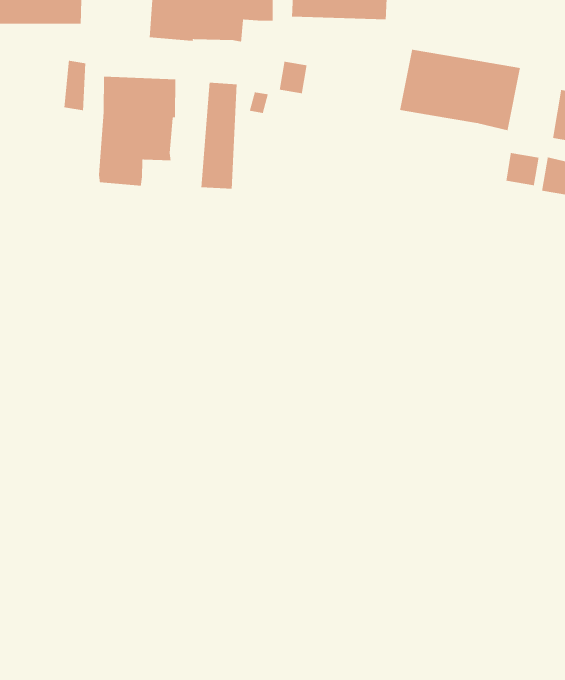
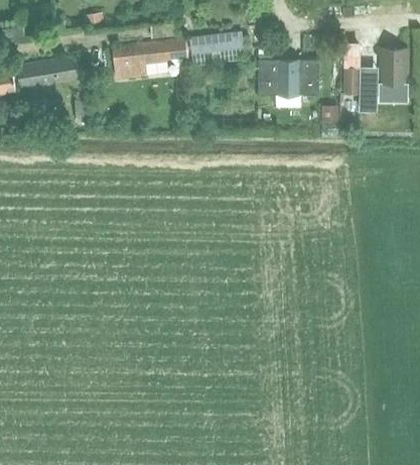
building: [98,76,176,187] -> none
building: [201,82,238,189] -> none

